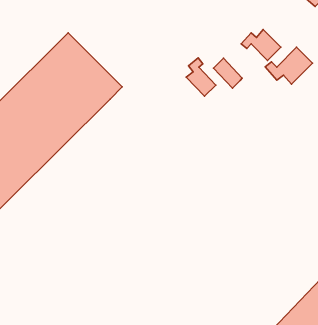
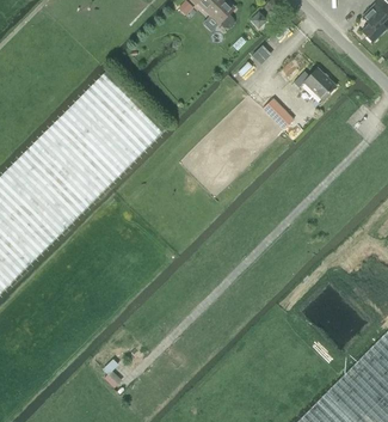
building: [265,47,313,84] -> none
building: [186,58,216,96] -> none

